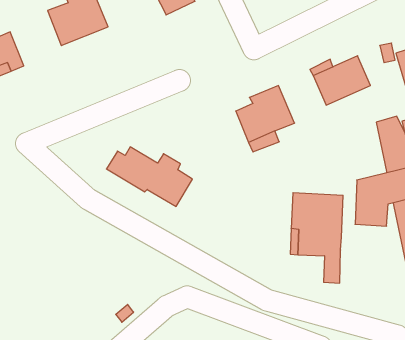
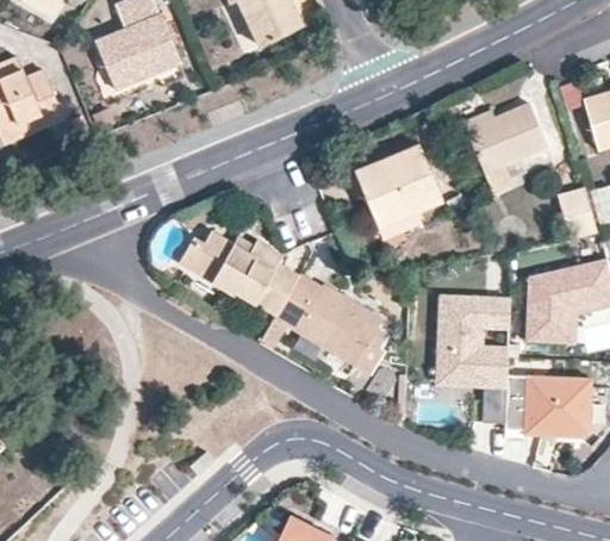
building: none -> [261,275,392,373]
building: none -> [505,374,591,436]

